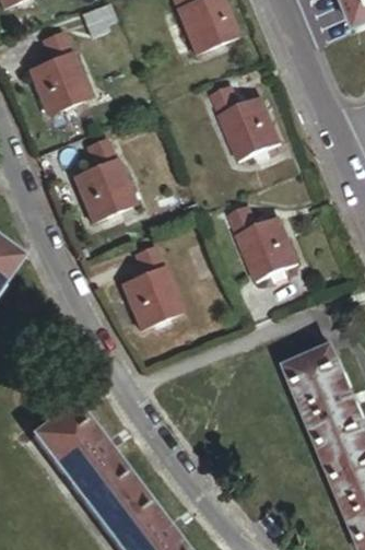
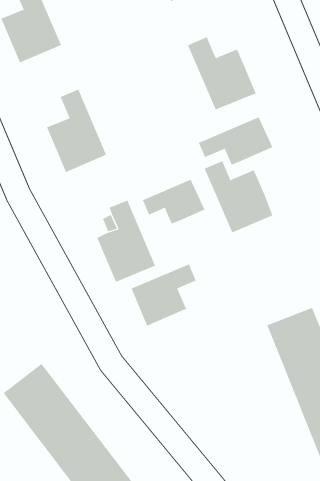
building: none -> [198,116,273,165]
building: none -> [142,179,205,225]
building: none -> [131,263,197,327]

